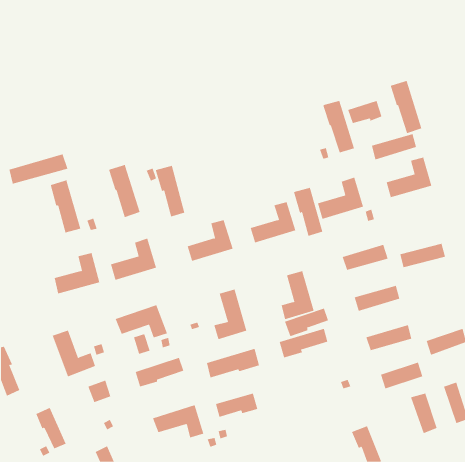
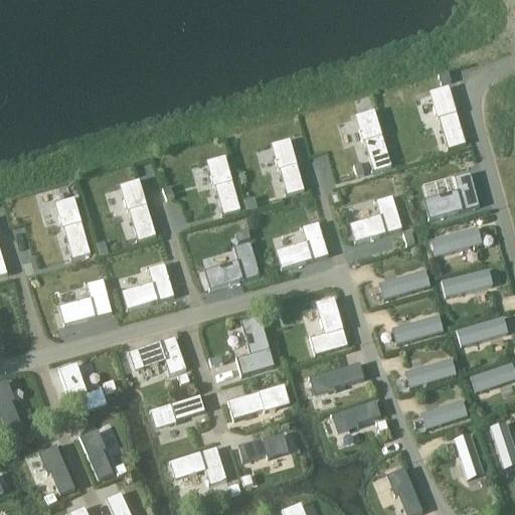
building: [348,100,382,124] -> none
building: [371,134,417,160] -> [431,227,481,256]
building: [9,154,68,184] -> none
building: [155,165,185,217] -> [207,157,240,214]
building: [293,187,323,236] -> [272,140,305,194]
building: none -> [457,316,508,345]
building: [284,308,329,337] -> [331,400,380,433]
building: none -> [79,432,113,482]

